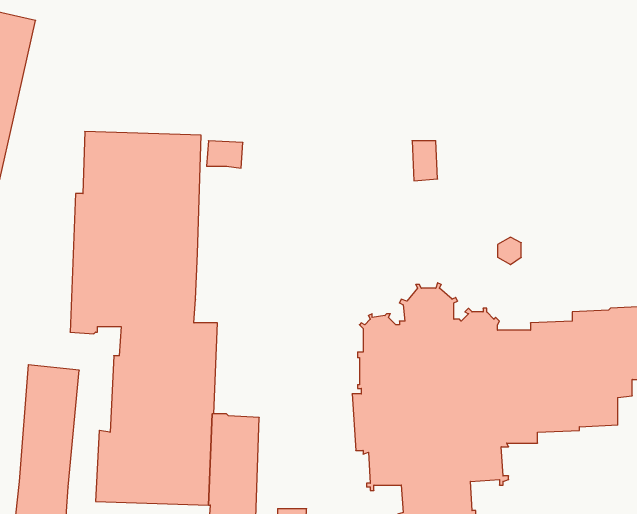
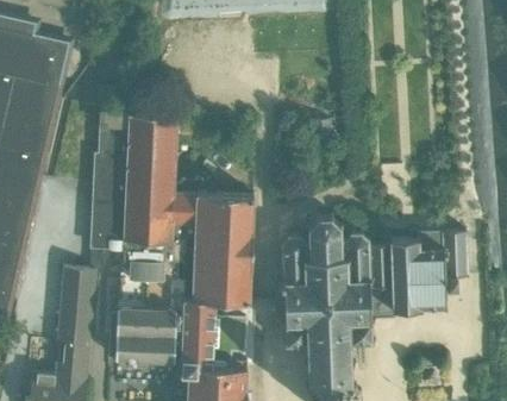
building: none -> [174,193,254,302]

